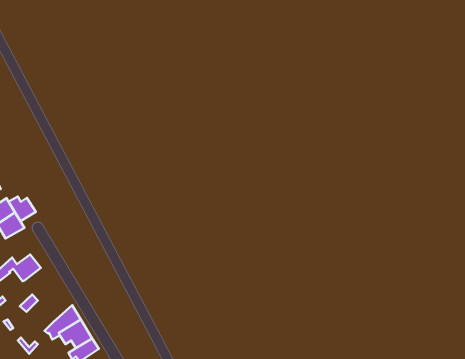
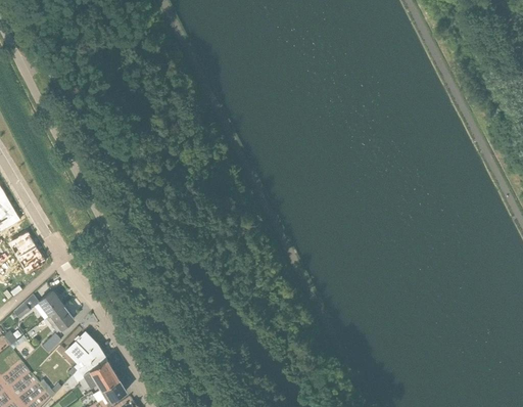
building: [9,196,36,221] -> none
building: none -> [46,305,74,331]
building: none -> [64,332,97,363]

